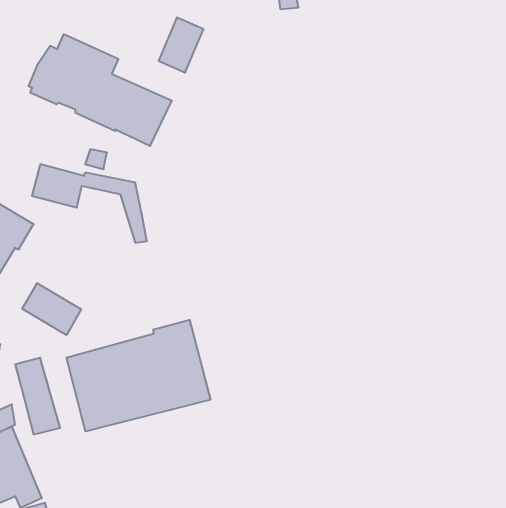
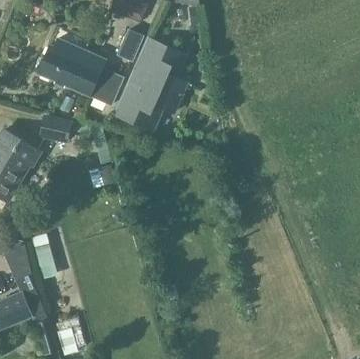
building: none -> [114,38,187,132]
building: [22,283,81,335] -> none
building: [67,320,210,431] -> none

